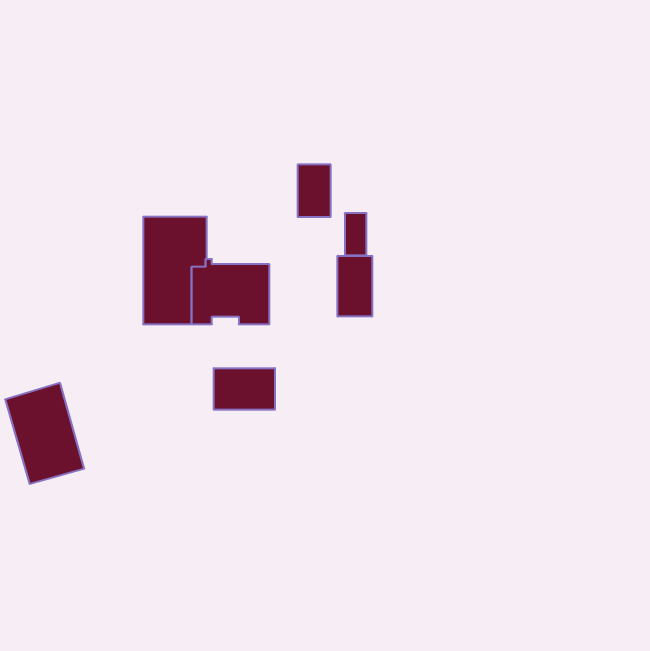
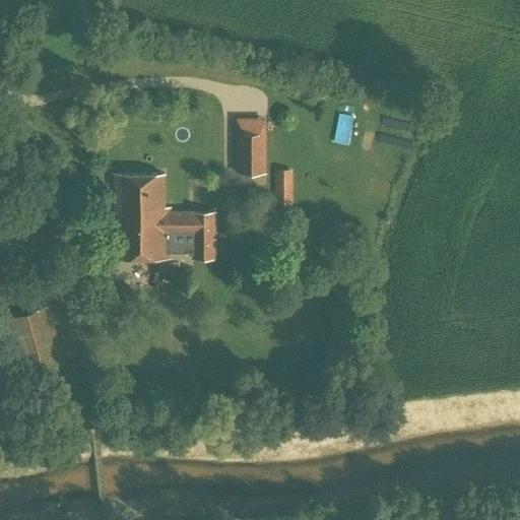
building: [338,256,372,317] -> none
building: [214,368,275,410] -> none

